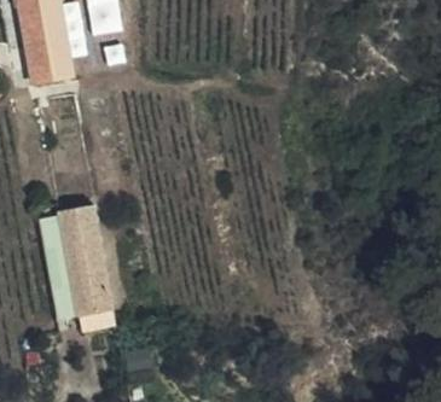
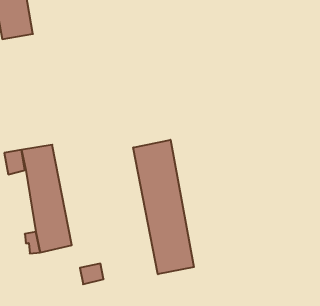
building: none -> [133,140,194,274]

